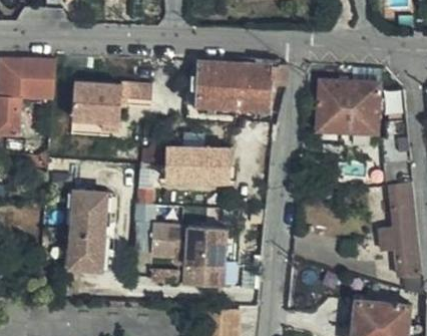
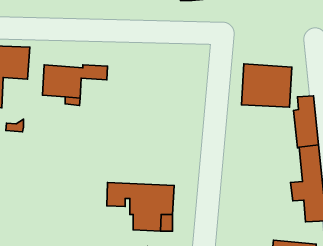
building: [192,60,285,112] -> none
building: [164,147,231,183] -> none
building: [66,191,103,270] -> none

